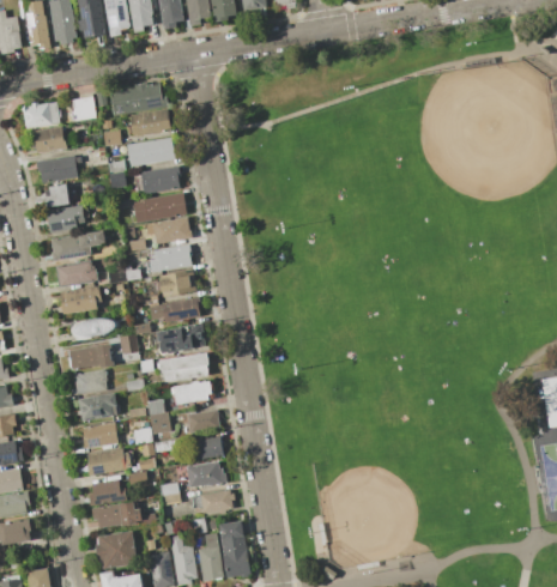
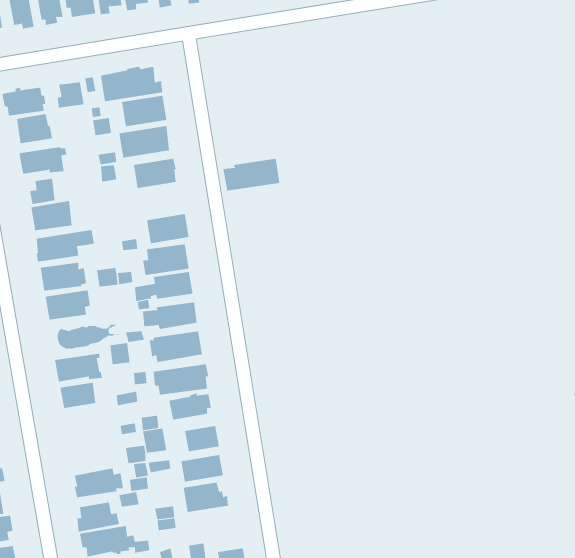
building: [133,193,186,223] -> [222,158,280,191]
building: [78,393,119,422] -> none
building: [83,422,117,448] -> none
building: [200,490,234,514] -> none

